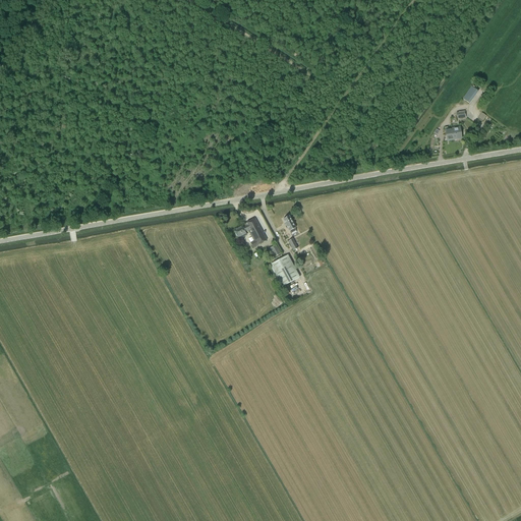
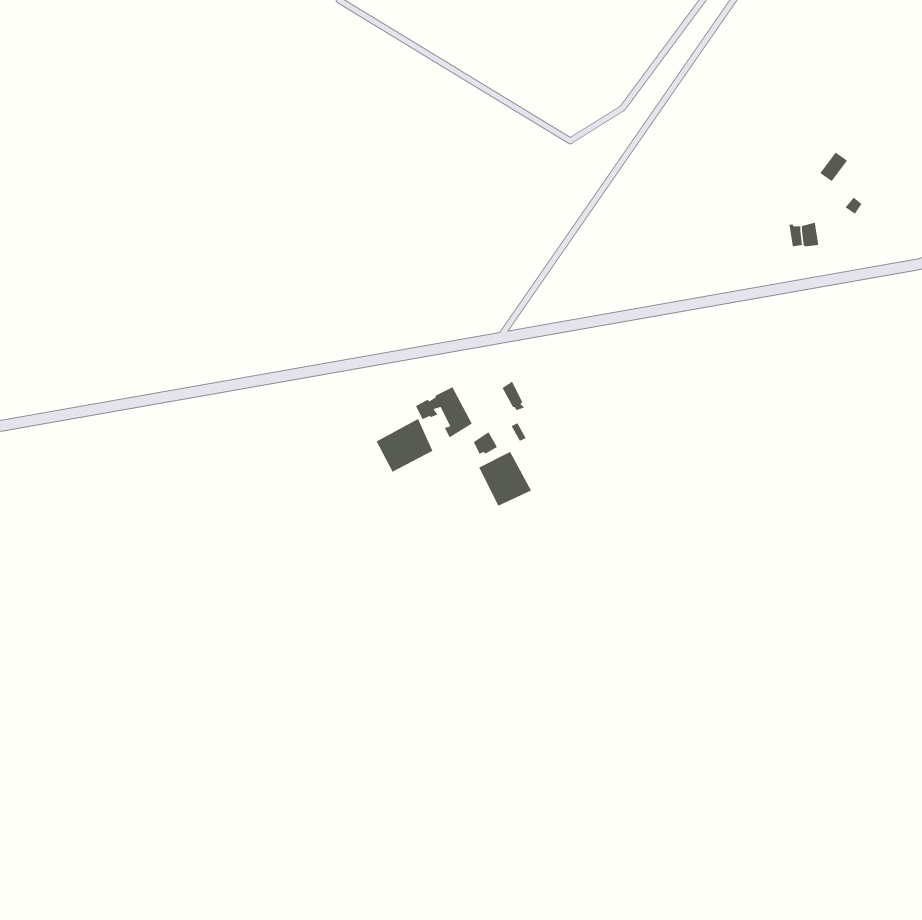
building: none -> [376,418,434,473]

